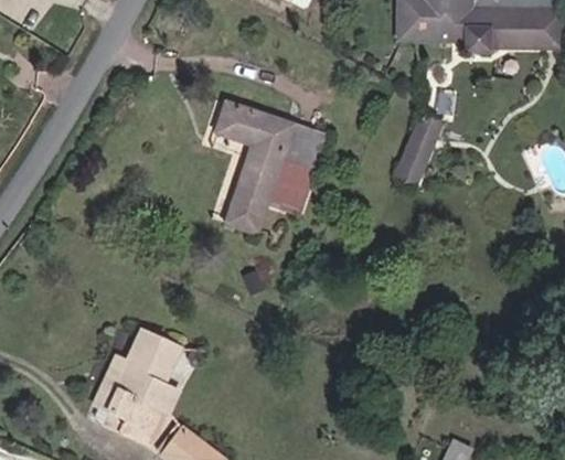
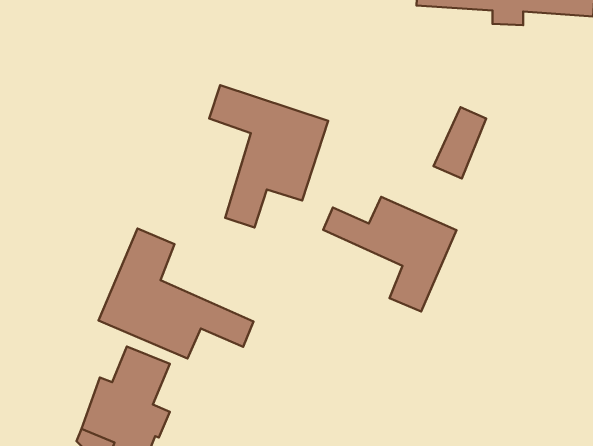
building: none -> [323,197,457,312]
building: none -> [99,229,254,358]

